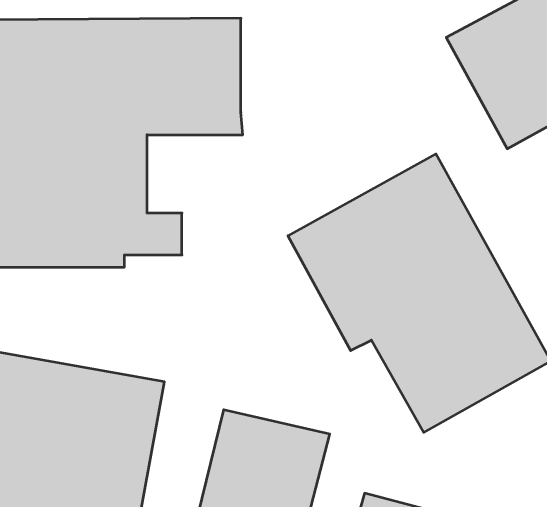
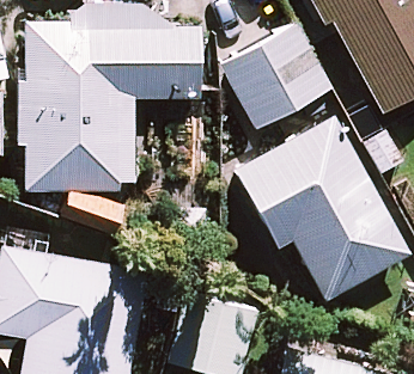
building: none -> [220,23,334,130]

